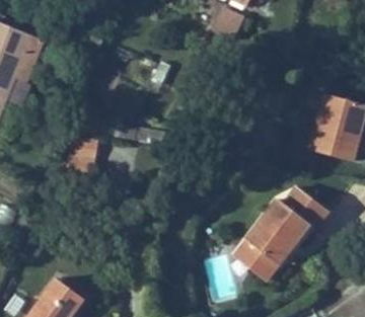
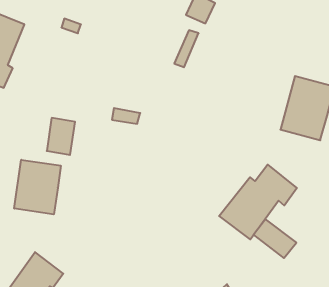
building: none -> [14,160,61,214]
building: [234,240,279,281] -> [254,219,296,258]

